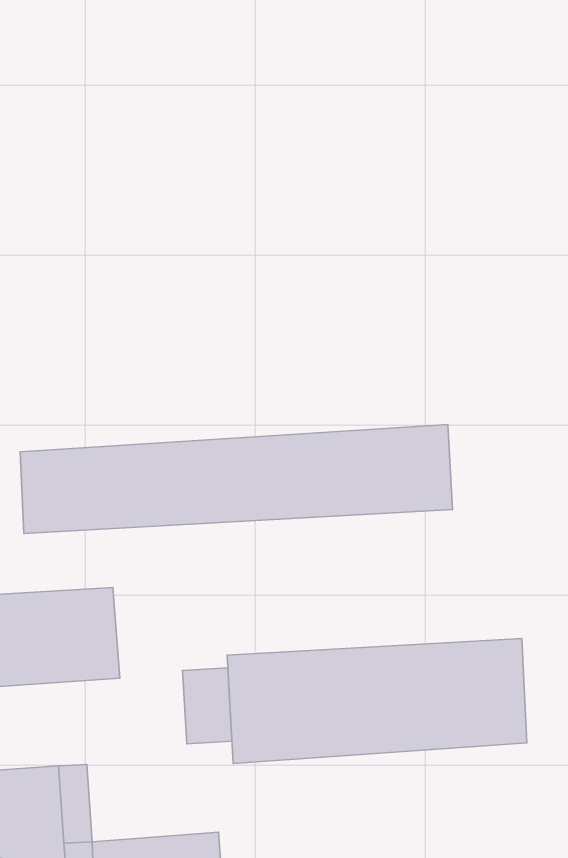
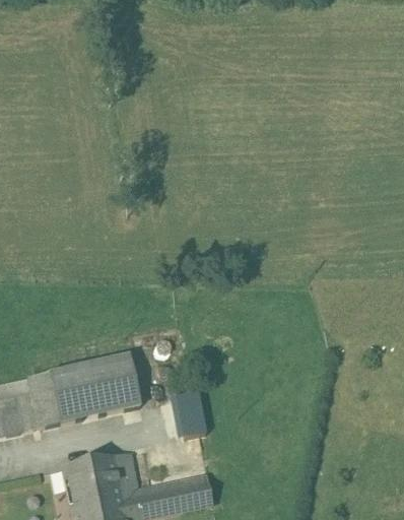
building: [20,425,452,534] -> none
building: [227,638,527,763] -> none

